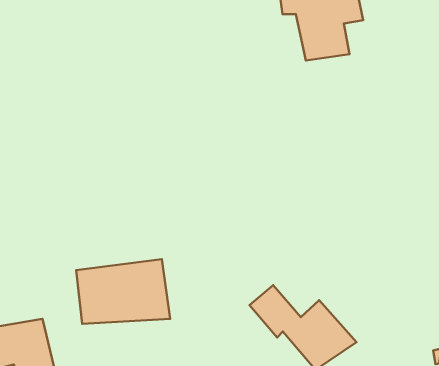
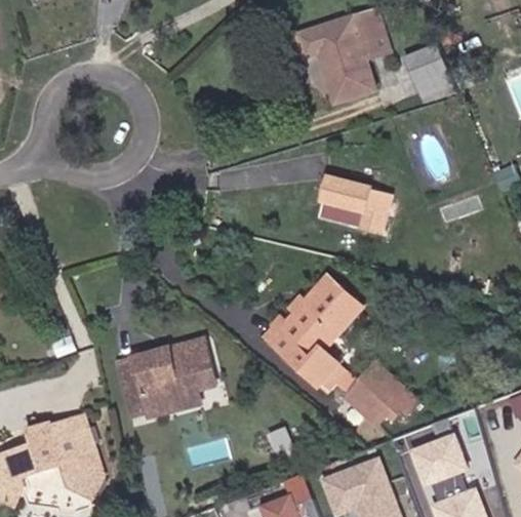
building: none -> [401,42,451,97]
building: none -> [319,173,395,232]
building: none -> [259,273,367,373]

